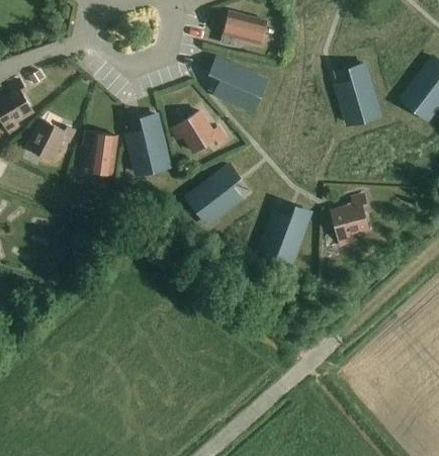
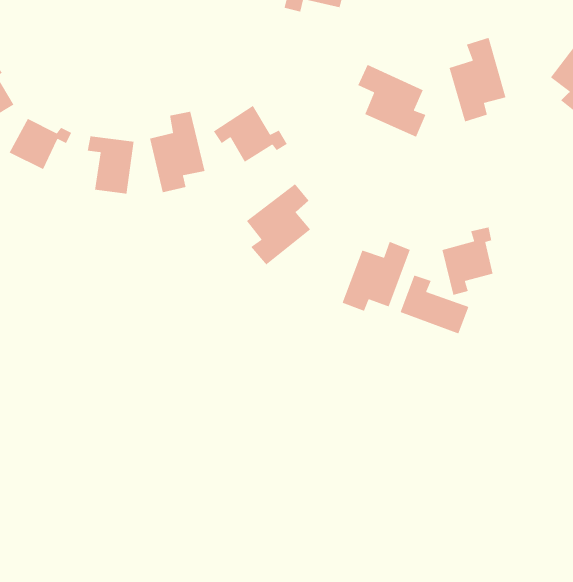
building: [209,59,258,110] -> [357,64,427,138]
building: none -> [399,275,469,335]

